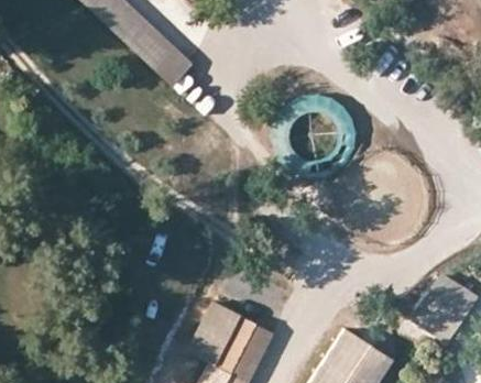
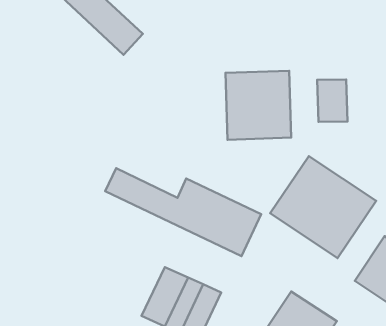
building: none -> [317,79,348,122]
building: none -> [270,156,376,258]
building: none -> [105,168,261,256]

